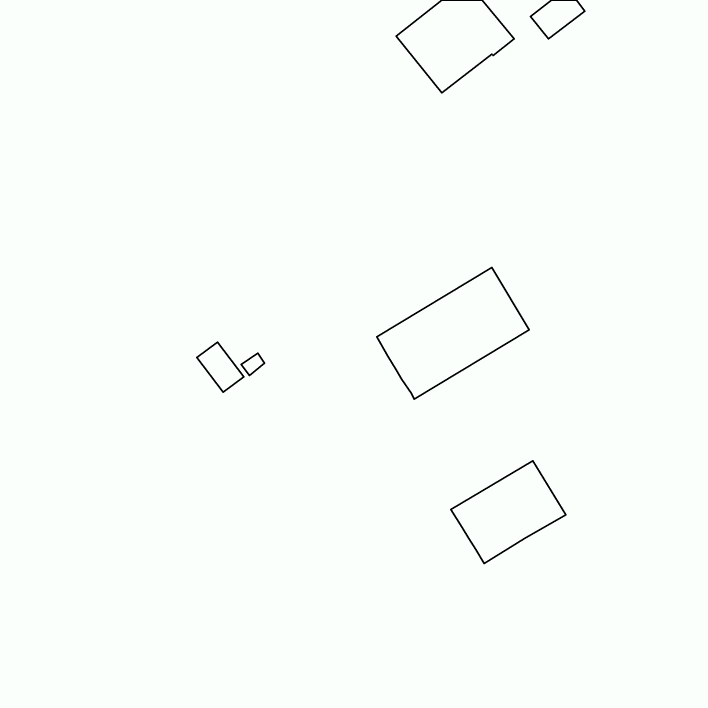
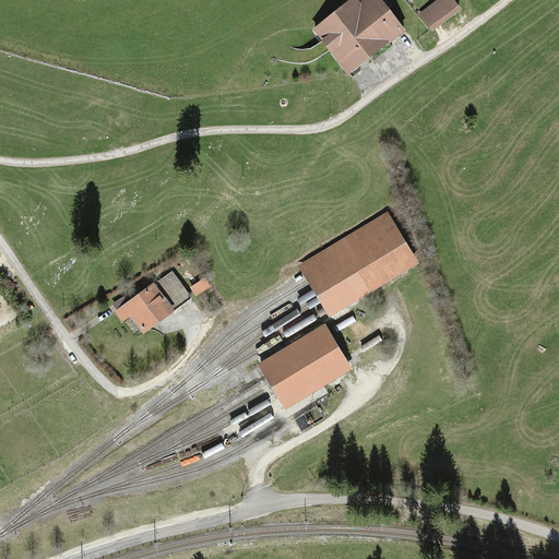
building: none -> [115,282,176,333]
building: [451,461,566,563] -> [258,325,348,406]

